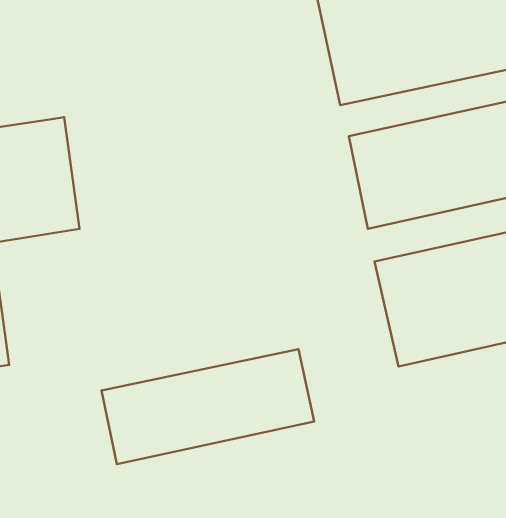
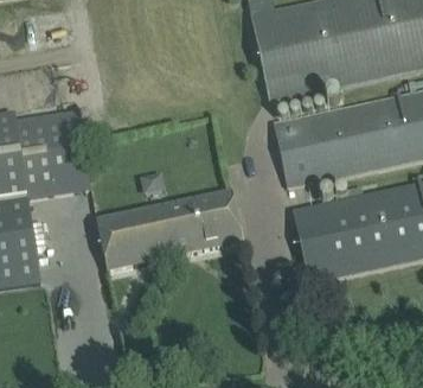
building: [101,349,314,464] -> [96,190,243,269]

